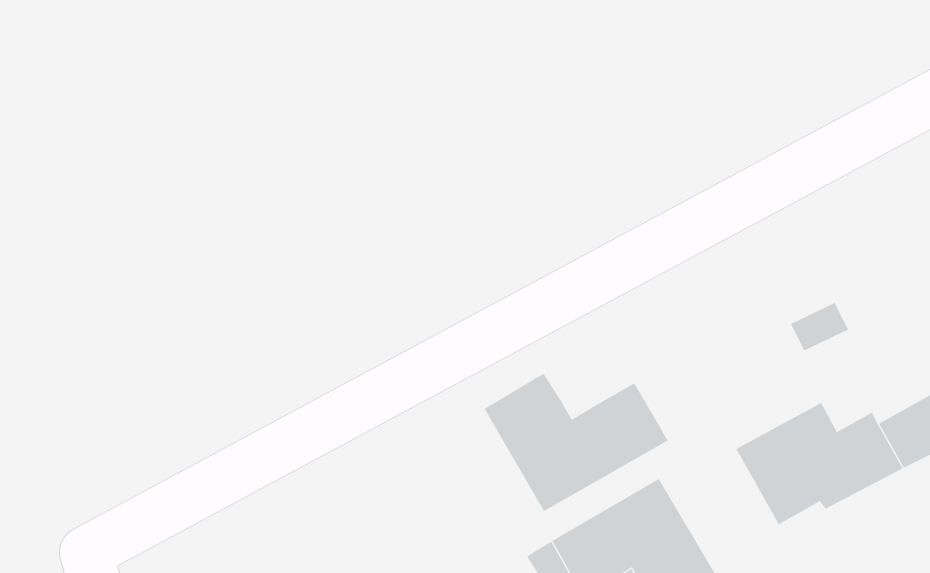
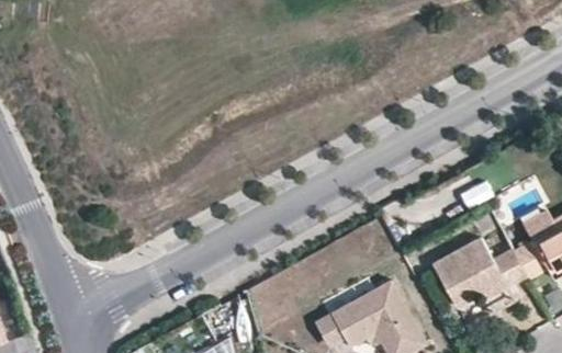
building: [484,373,668,512] -> none

